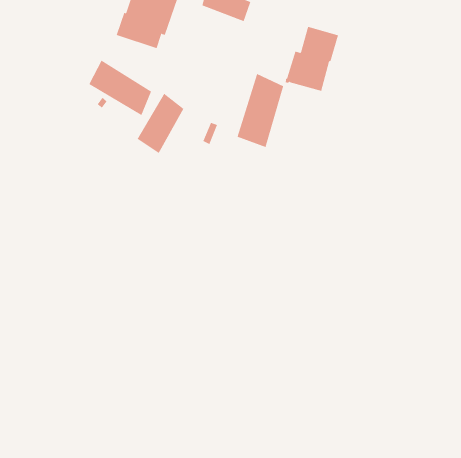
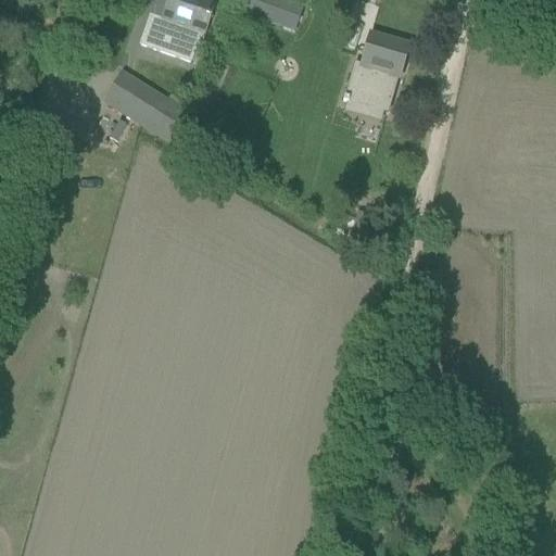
building: [237,73,284,148] -> none
building: [137,93,184,154] -> none

